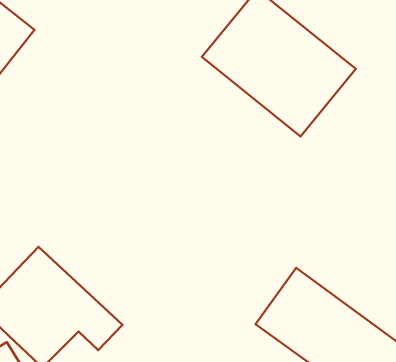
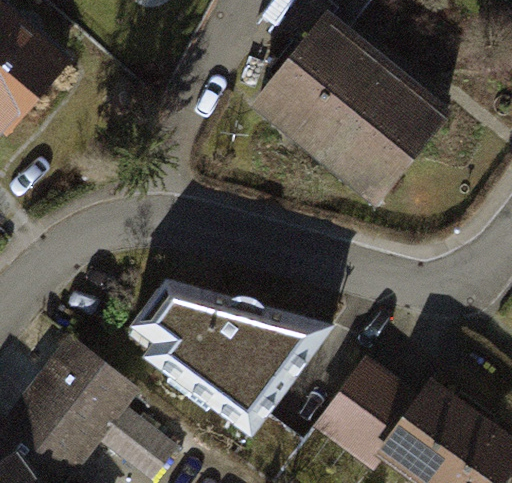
building: none -> [133,281,334,434]

